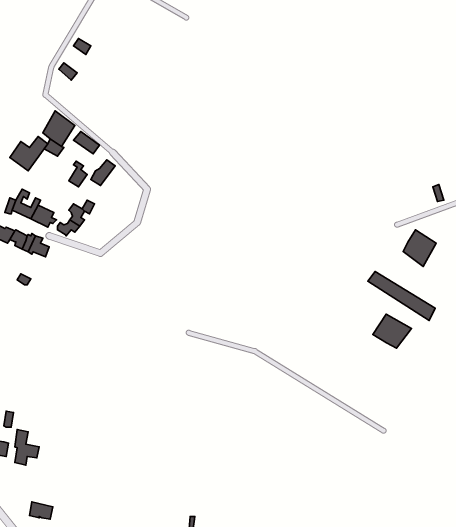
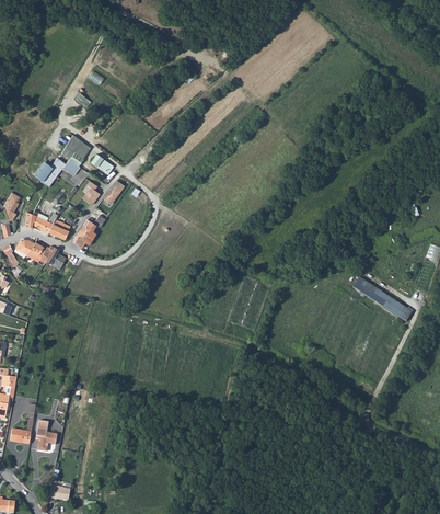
building: [403,230,436,267] -> none
building: [373,314,411,348] -> none

